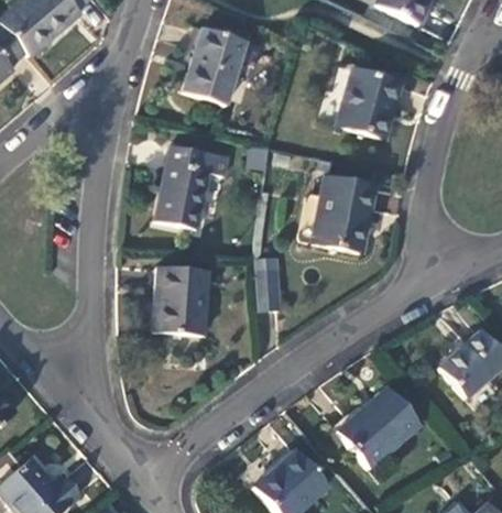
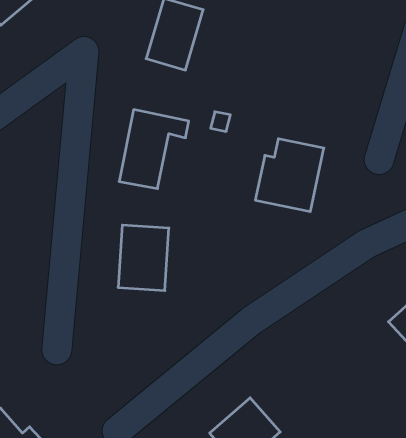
building: [338,66,400,135] -> none
building: [255,254,281,309] -> none
building: [336,388,418,469] -> none

